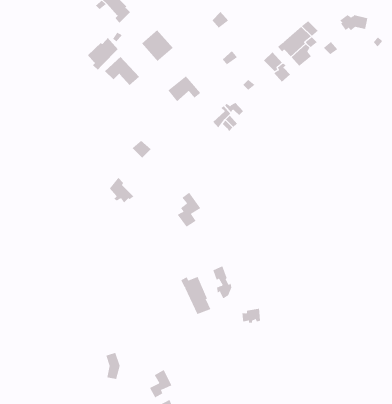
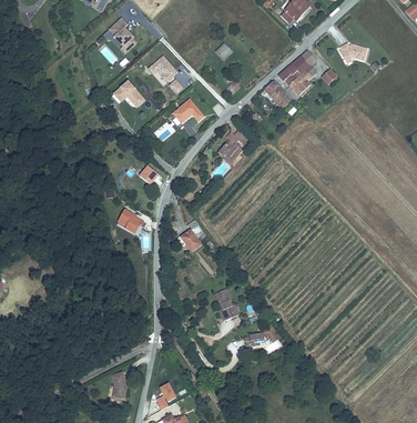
building: [87,37,119,71] -> none
building: [180,276,211,315] -> none

